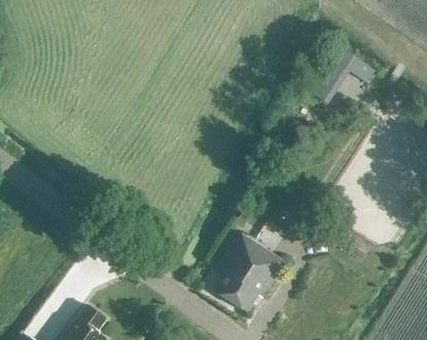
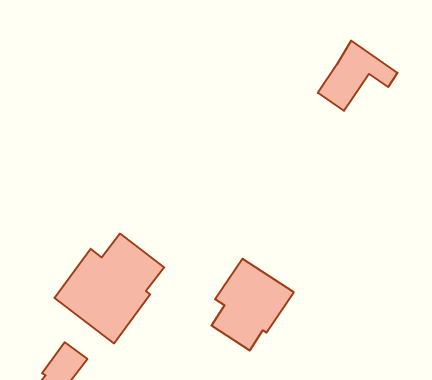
building: none -> [54,234,164,343]

